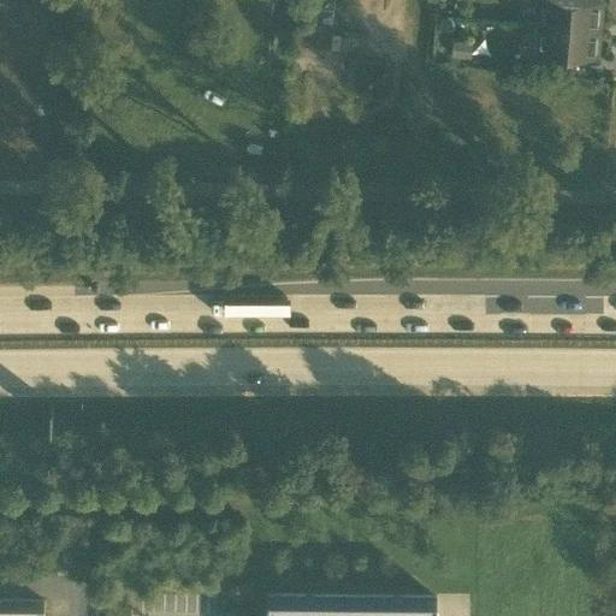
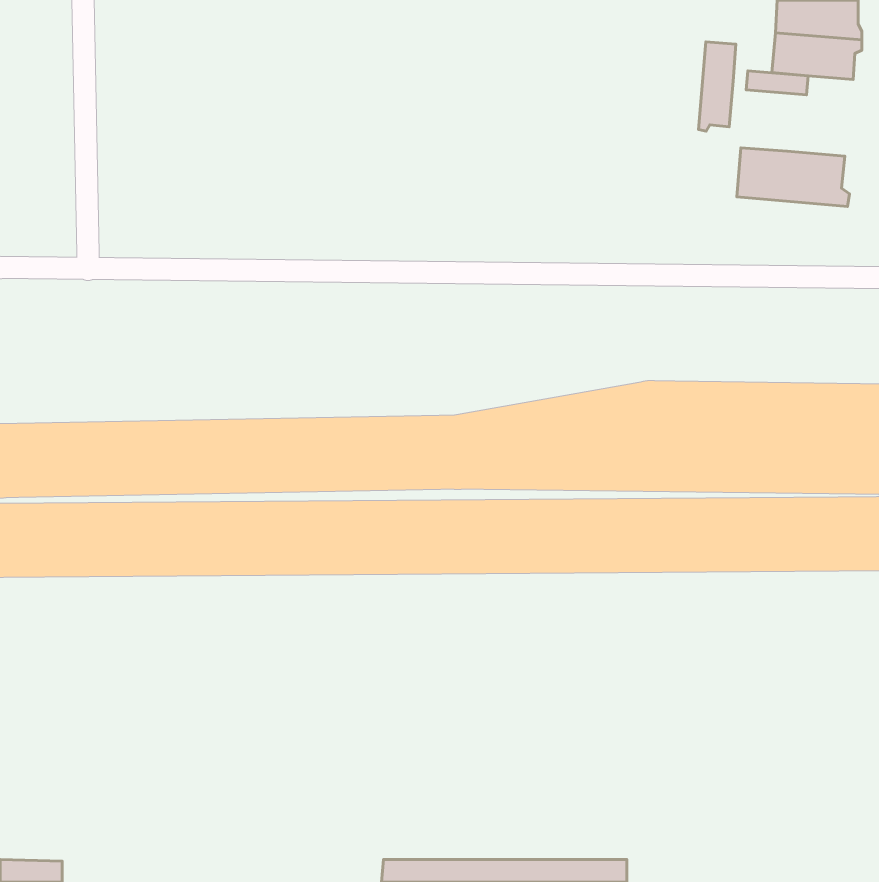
building: none -> [698,42,736,131]
building: none -> [737,148,850,206]

